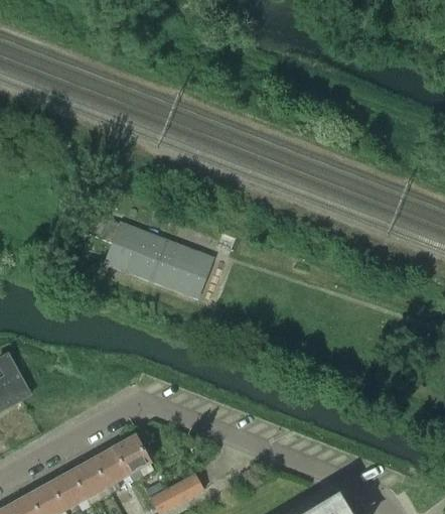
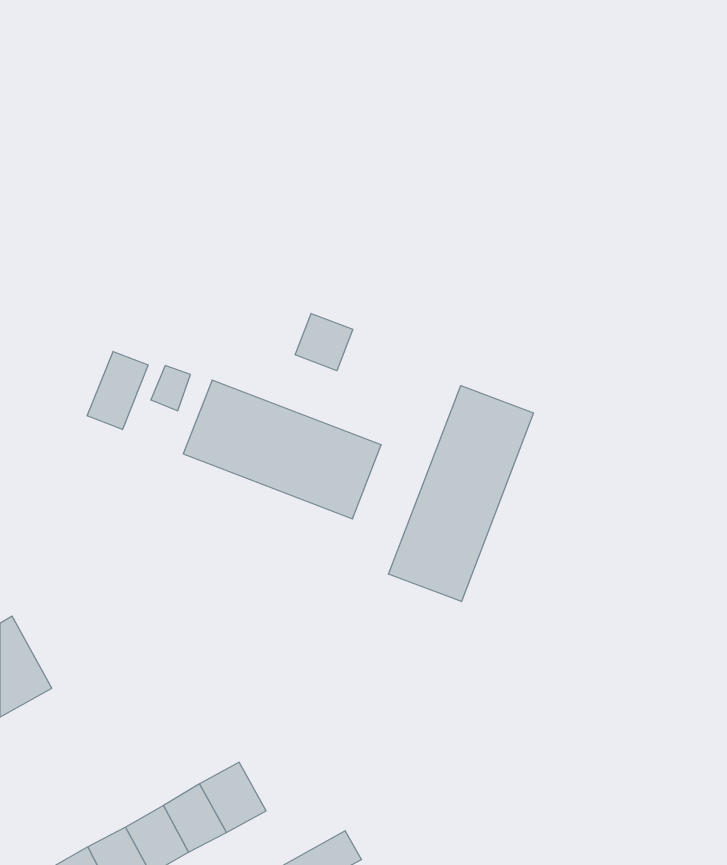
building: none -> [295,313,353,371]
building: none -> [87,351,148,430]
building: none -> [388,386,534,602]

